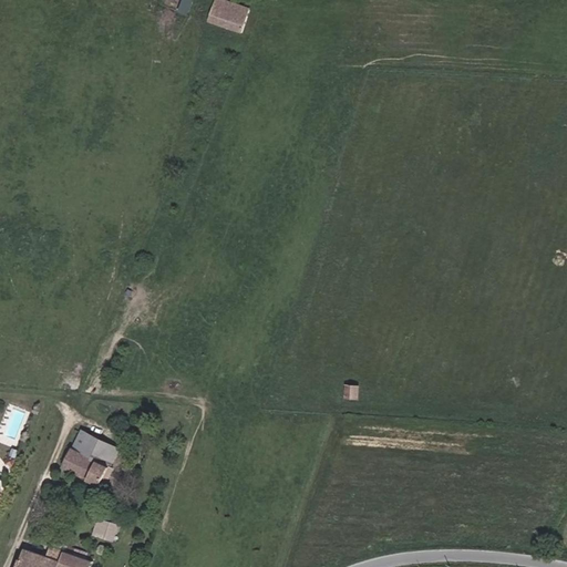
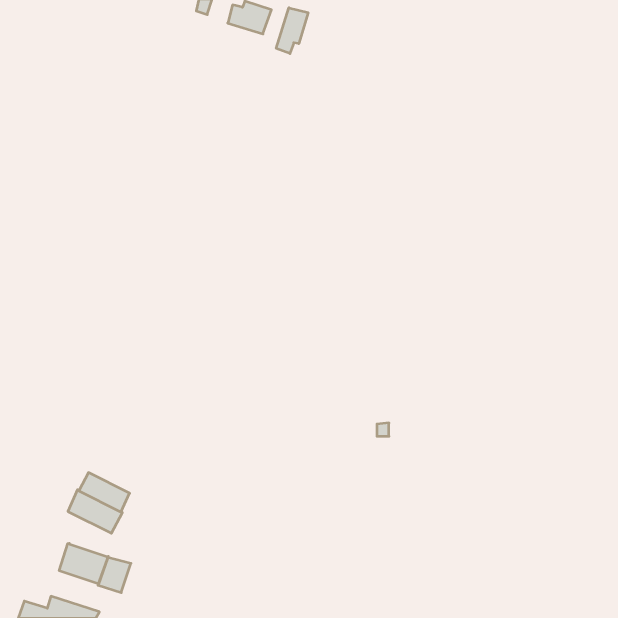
building: none -> [276,8,308,54]
building: none -> [59,543,108,584]

